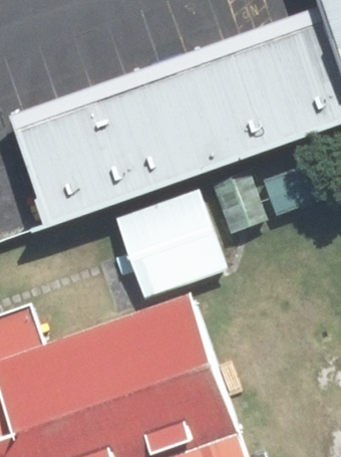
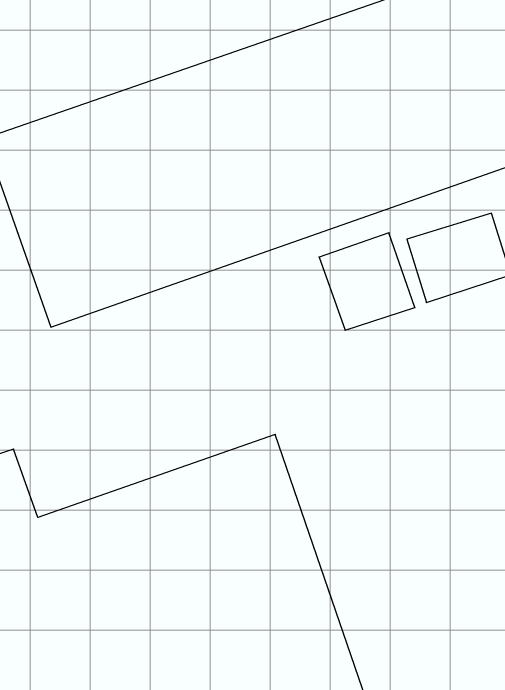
building: [117,192,222,295] -> none

